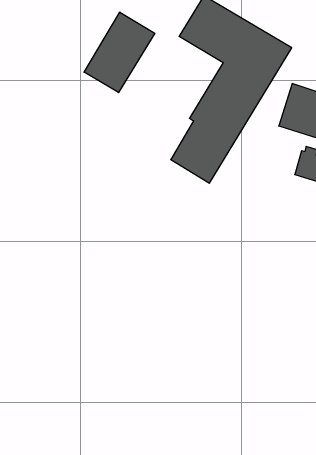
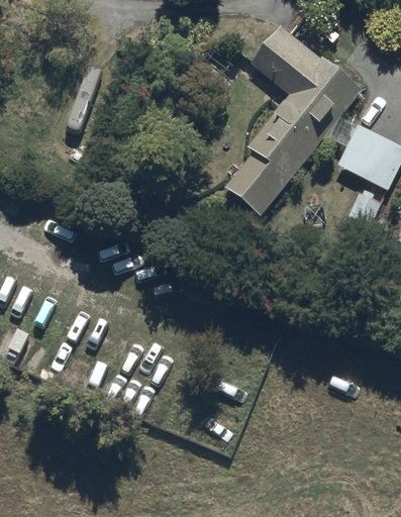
building: [84,12,155,93] -> none

